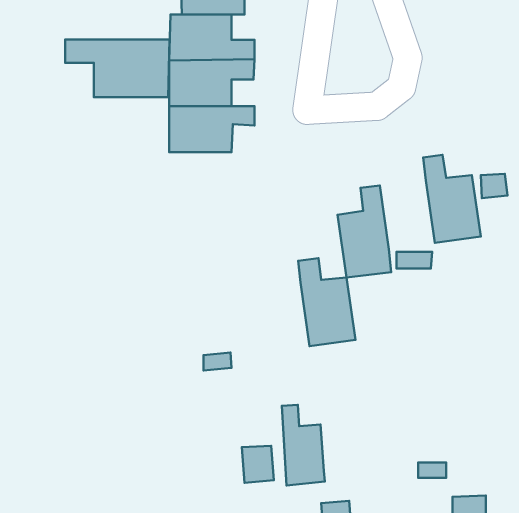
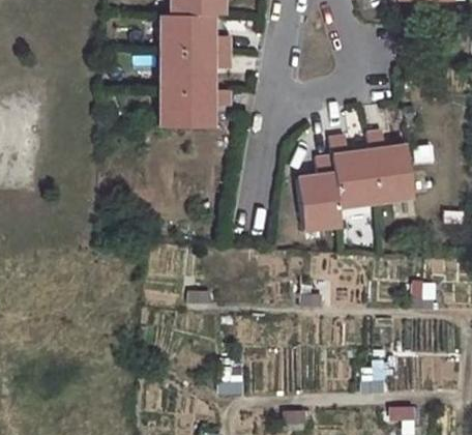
building: [65,40,170,97] -> none
building: [298,258,356,346] -> [329,134,376,205]
building: [282,405,325,485] -> none

